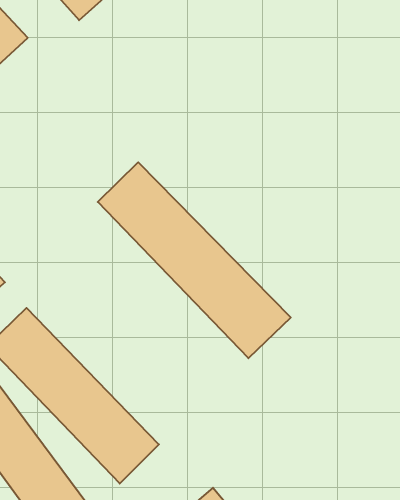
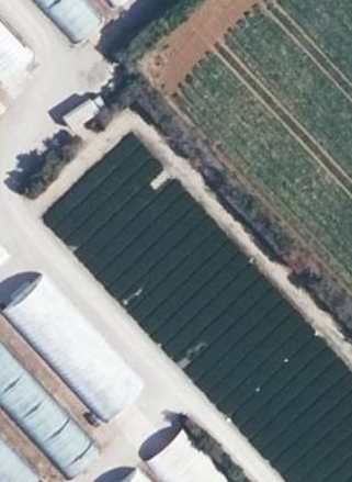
building: [98,162,291,358] -> none

